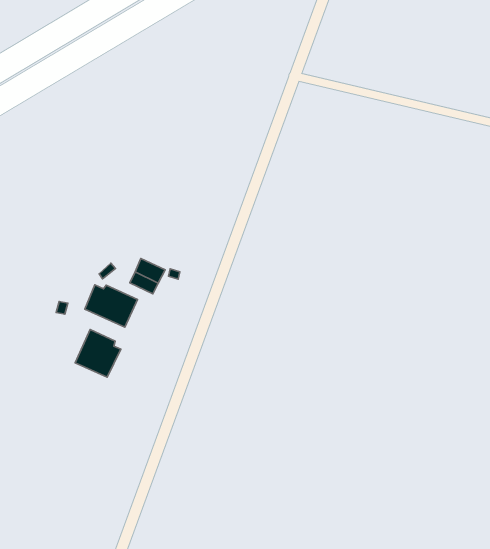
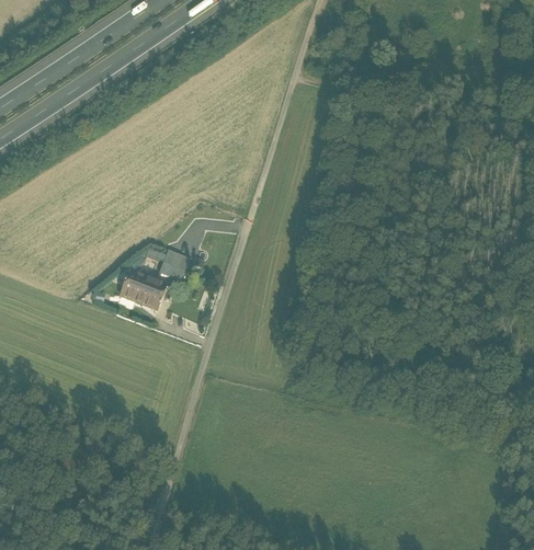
building: [75,330,121,377] -> none

